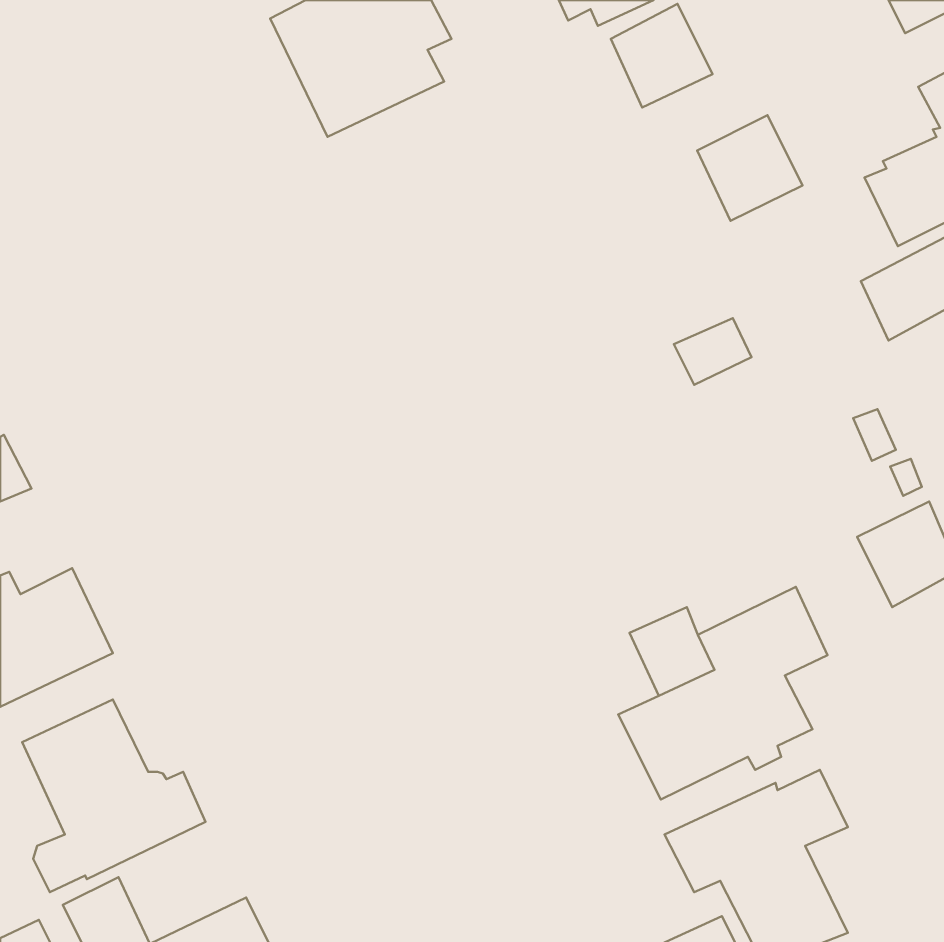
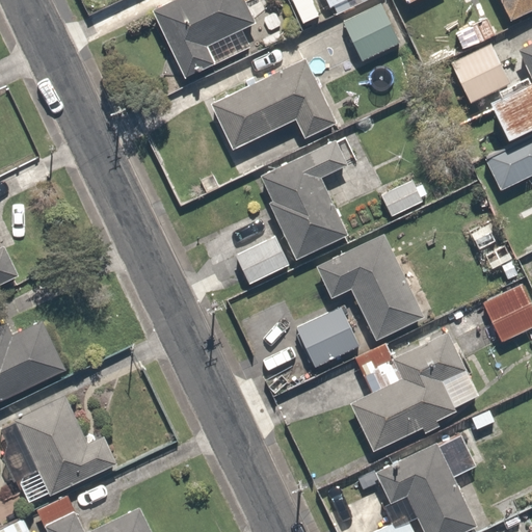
building: none -> [211,59,337,151]
building: [697,115,803,221] -> [451,45,510,104]
building: none -> [259,140,348,259]
building: none -> [316,235,424,340]
building: none -> [235,237,290,285]
building: none -> [296,308,361,368]

